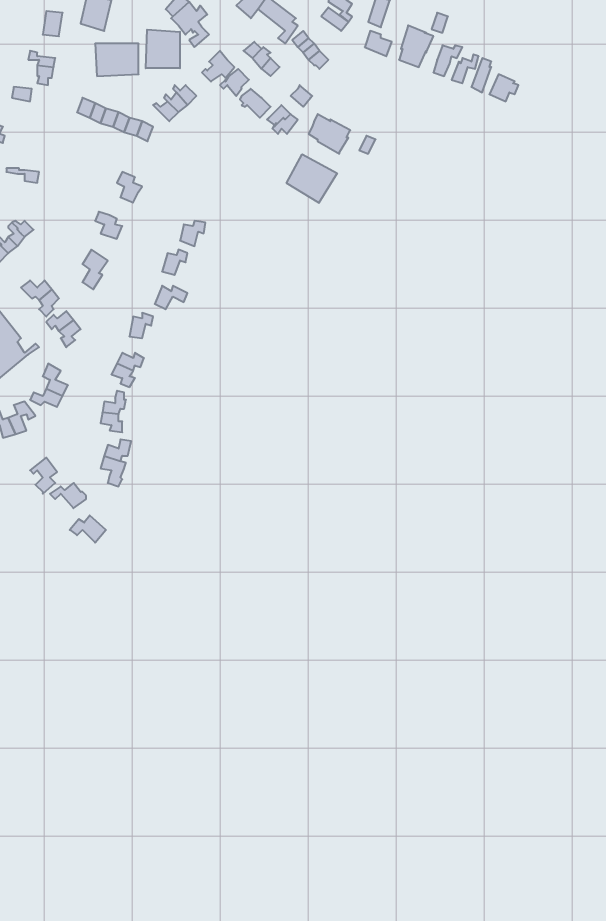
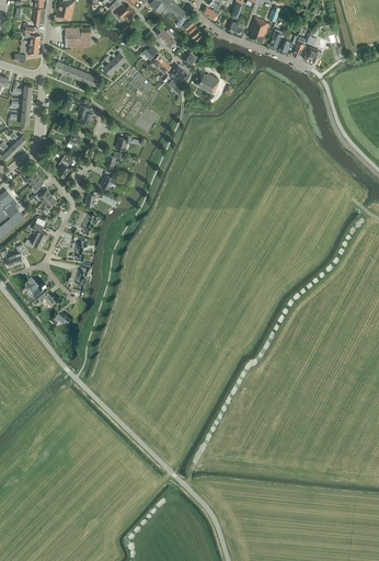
building: [146,30,180,68] -> none
building: [287,154,337,203] -> none

